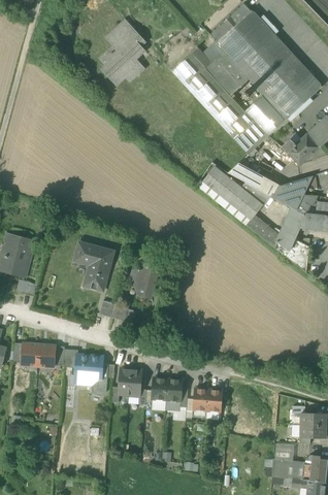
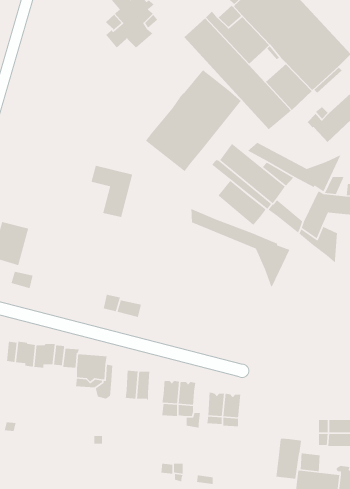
building: none -> [145,69,242,172]
building: none -> [218,180,267,226]
building: none -> [190,208,290,287]
building: [75,242,113,290] -> [91,165,133,218]
building: [133,260,163,296] -> none
building: none -> [276,438,302,480]

